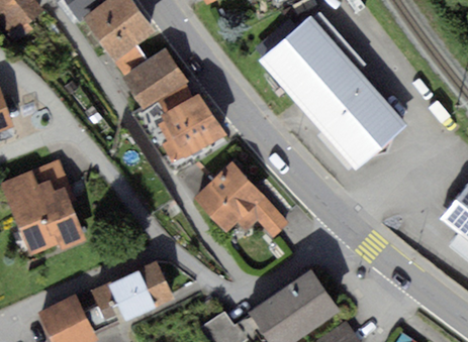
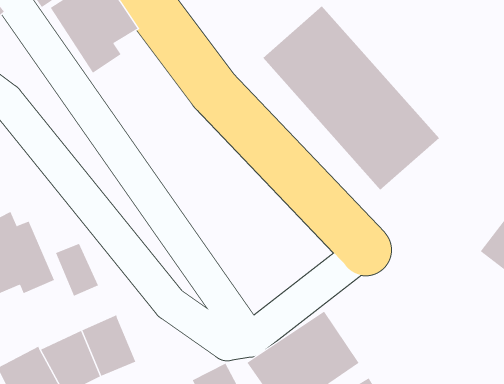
building: [123,48,187,107] -> none
building: [160,92,223,160] -> none
building: [196,165,287,237] -> none
building: [137,263,174,308] -> [55,243,99,297]

